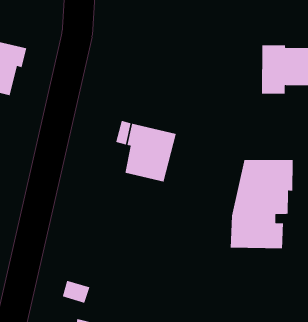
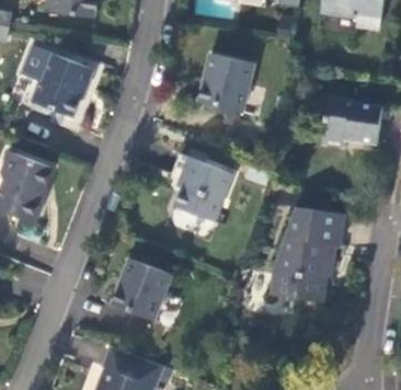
building: none -> [198,53,253,112]
building: none -> [112,257,171,320]

